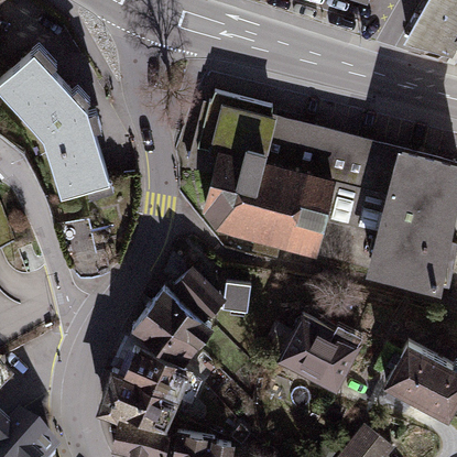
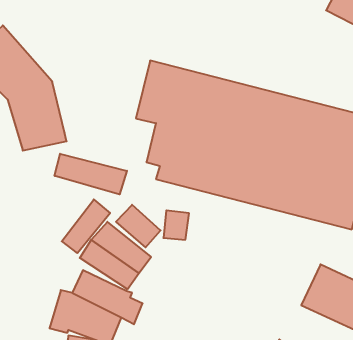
building: none -> [55,154,127,194]
building: none -> [62,199,110,253]
building: [274,308,360,383] -> none

